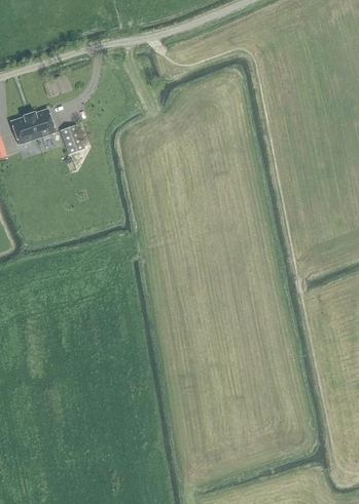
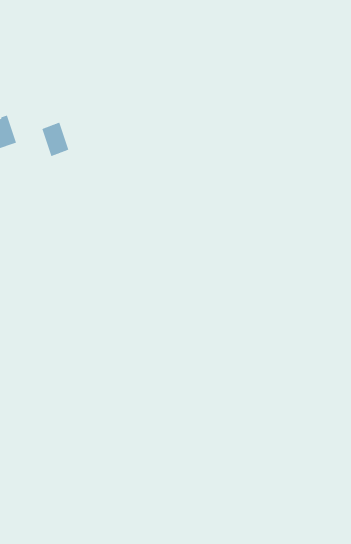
building: [30,110,57,140] -> none

